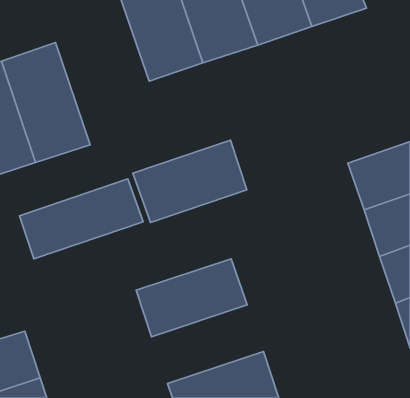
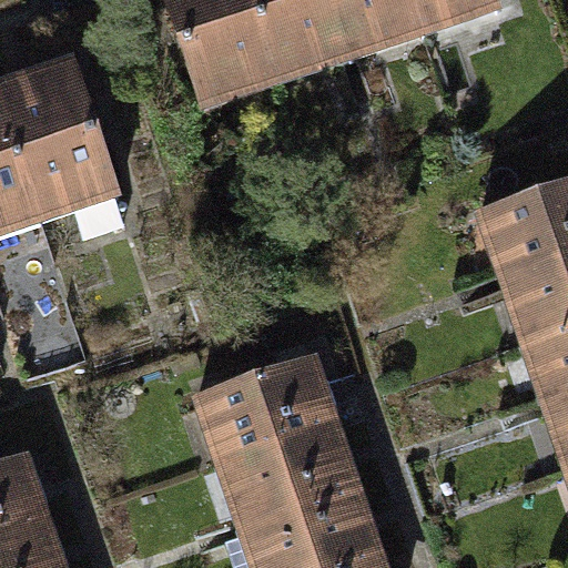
building: [133,140,247,223] -> none
building: [19,179,143,259] -> none
building: none -> [209,420,363,529]

